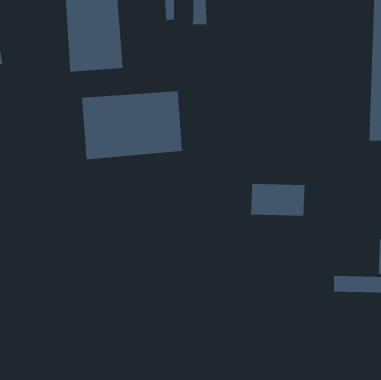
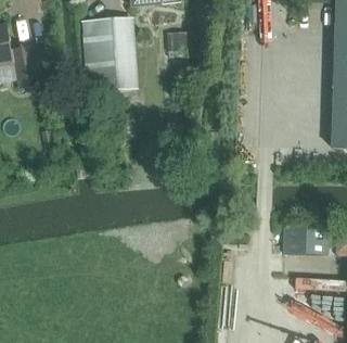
building: [82,90,182,160] -> none
building: [250,184,305,216] -> [285,227,330,253]

